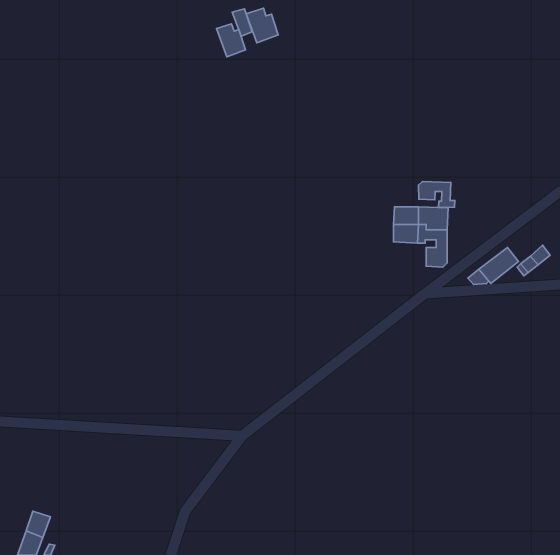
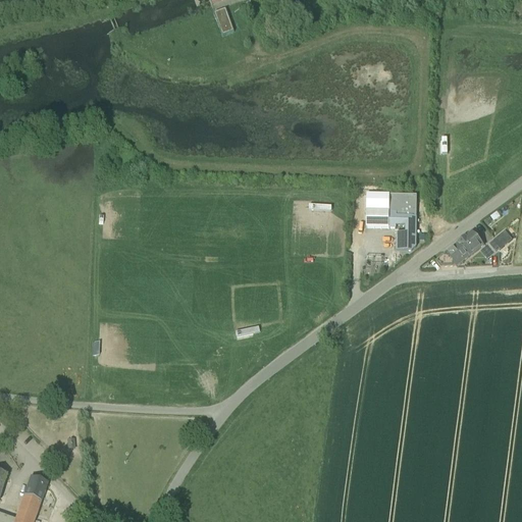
building: [246,8,278,43] -> none
building: [216,24,245,57] -> none
building: [419,181,455,208] -> none

